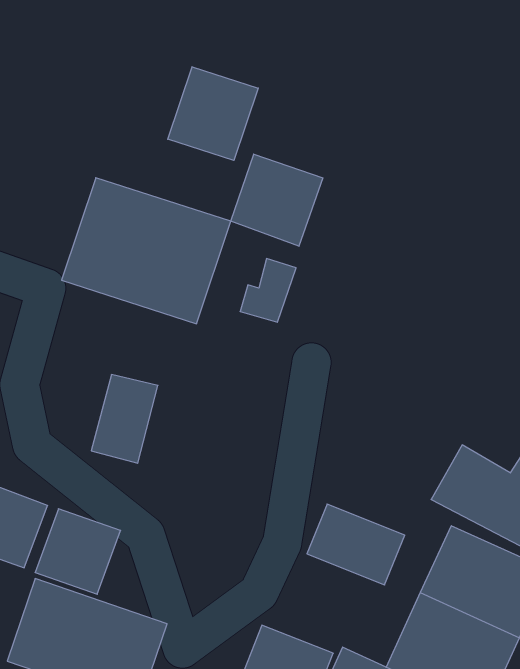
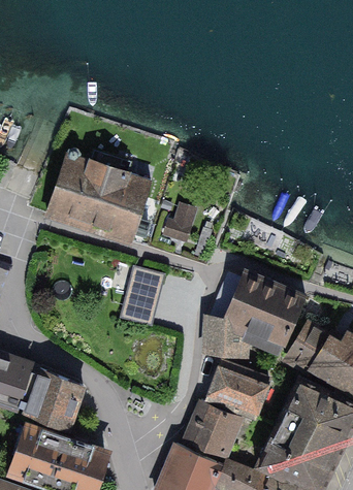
building: [168,67,258,160] -> none
building: [231,154,323,246] -> none
building: none -> [202,273,308,363]
building: [91,375,158,463] -> [119,267,163,326]
building: none -> [180,400,244,462]

